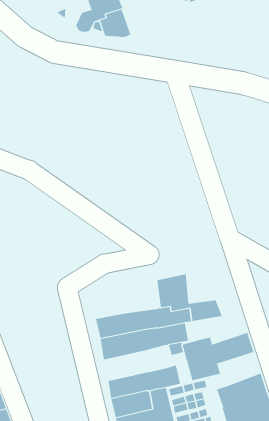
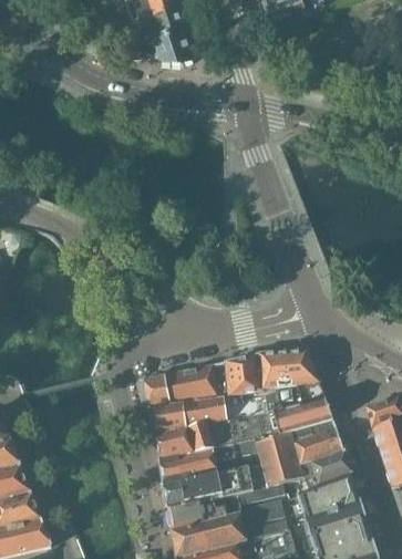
building: none -> [260,352,334,437]
building: none -> [144,363,229,411]
building: none -> [159,444,237,487]
building: none -> [300,452,353,494]

